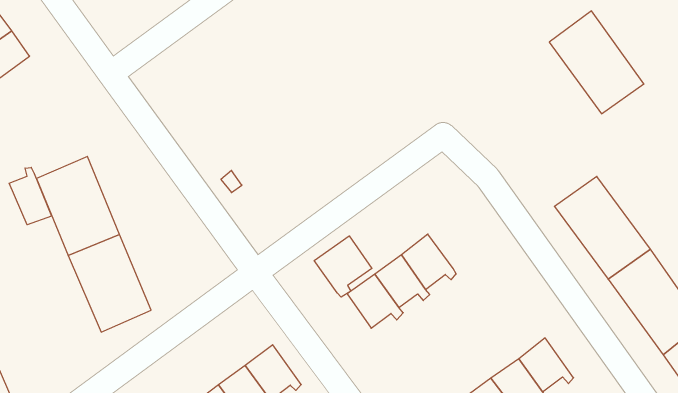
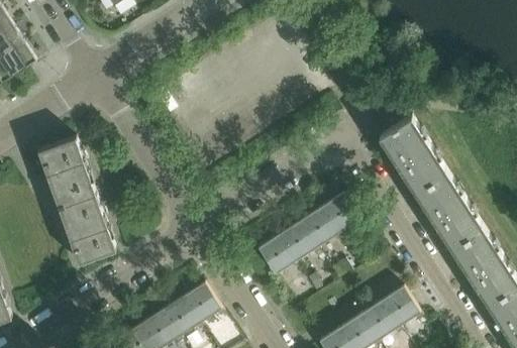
building: [549,11,644,114] -> [379,115,446,191]
building: [9,167,52,225] -> none
building: none -> [320,193,360,232]
building: [314,236,372,297] -> none

